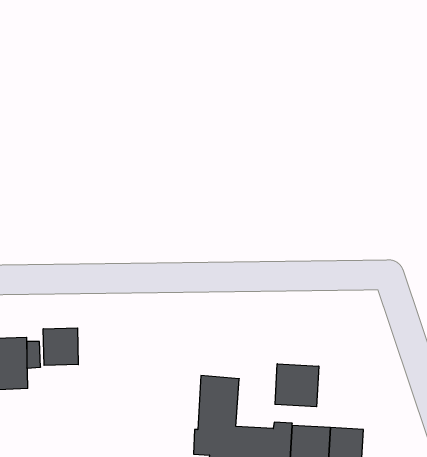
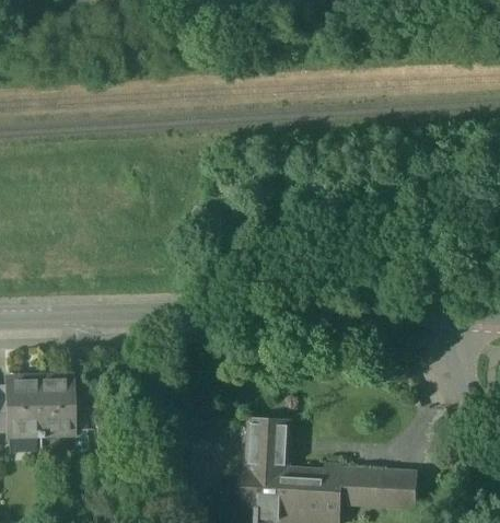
building: [43,328,78,365] -> none
building: [275,364,319,407] -> none

